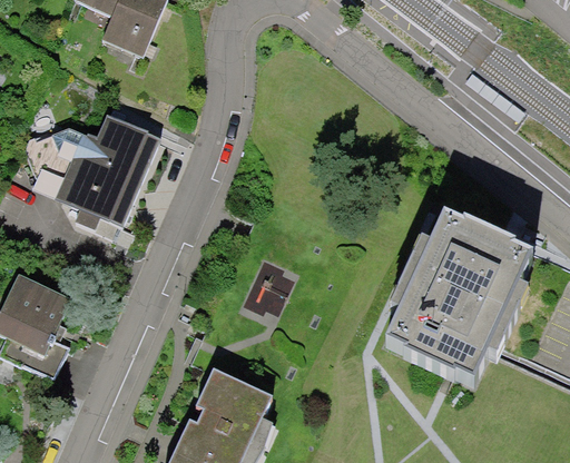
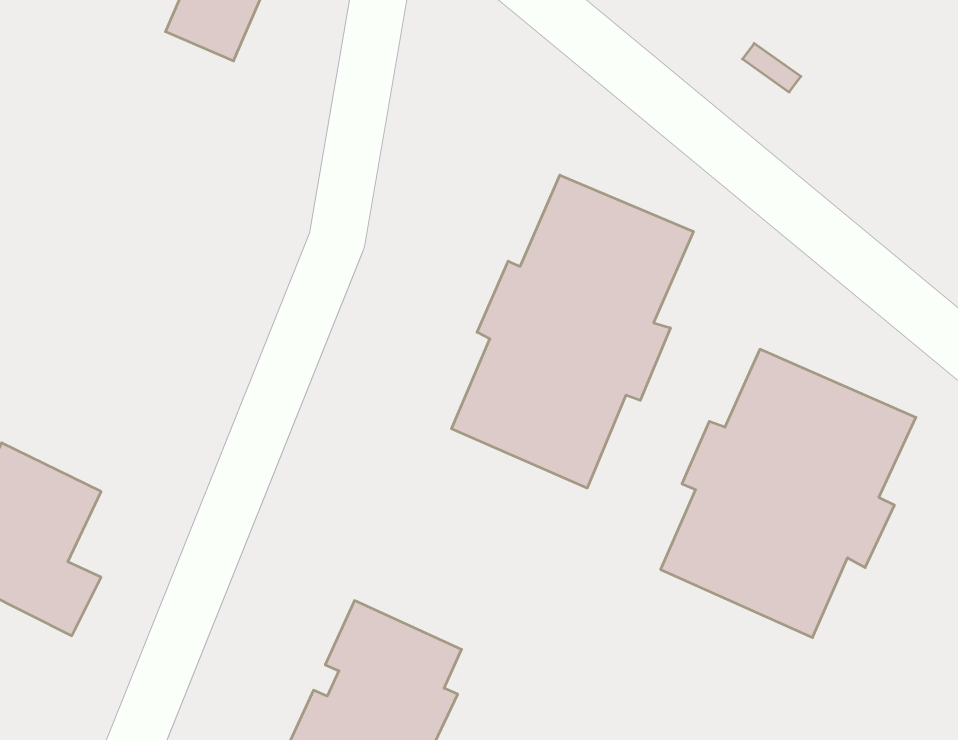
building: [23,119,155,243] -> none
building: none -> [451,175,693,488]

